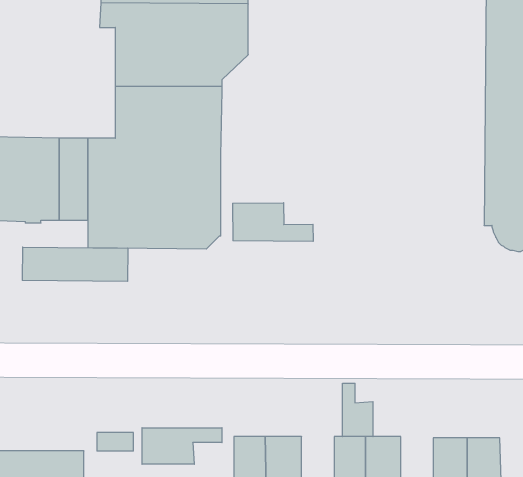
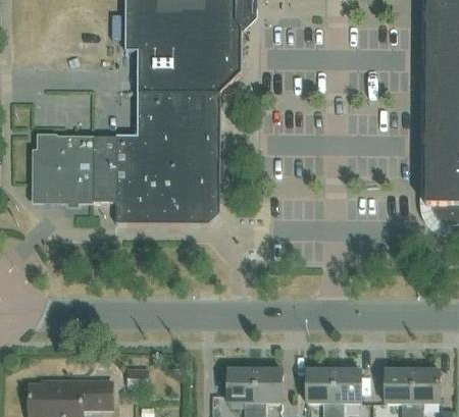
building: [233,203,313,241] -> none
building: [22,247,128,281] -> none
building: [343,383,373,437] -> none
building: [142,428,222,464] -> none

